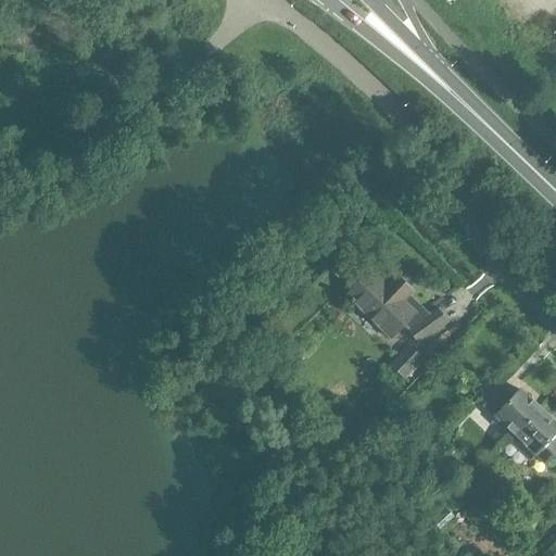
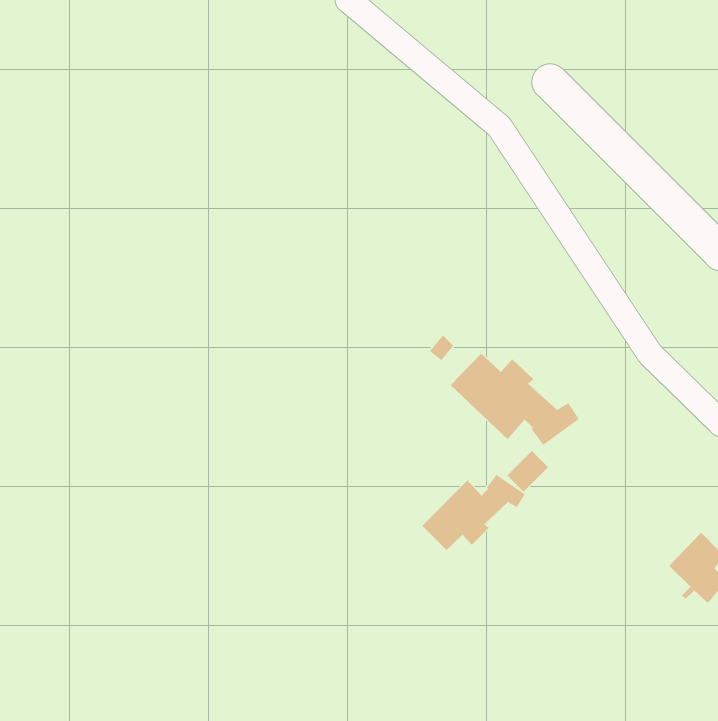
building: none -> [421,474,526,551]
building: [485,389,542,435] -> none

